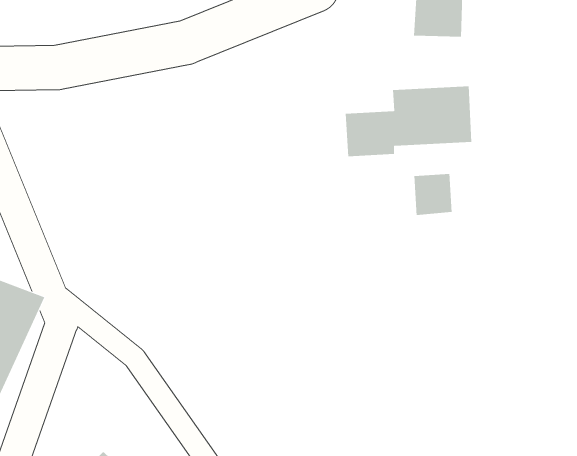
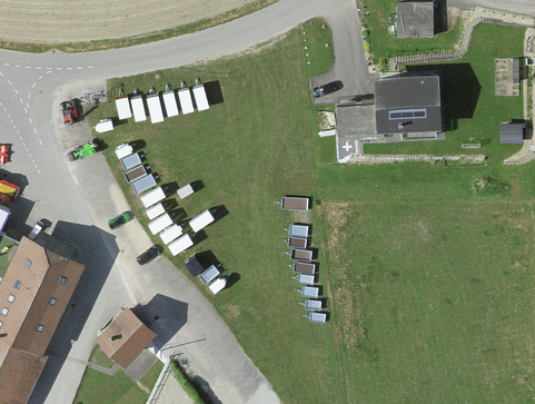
building: [414,173,452,216] -> none
building: none -> [90,308,149,367]

